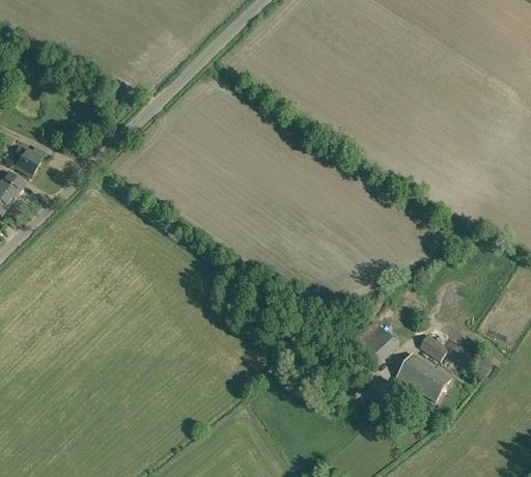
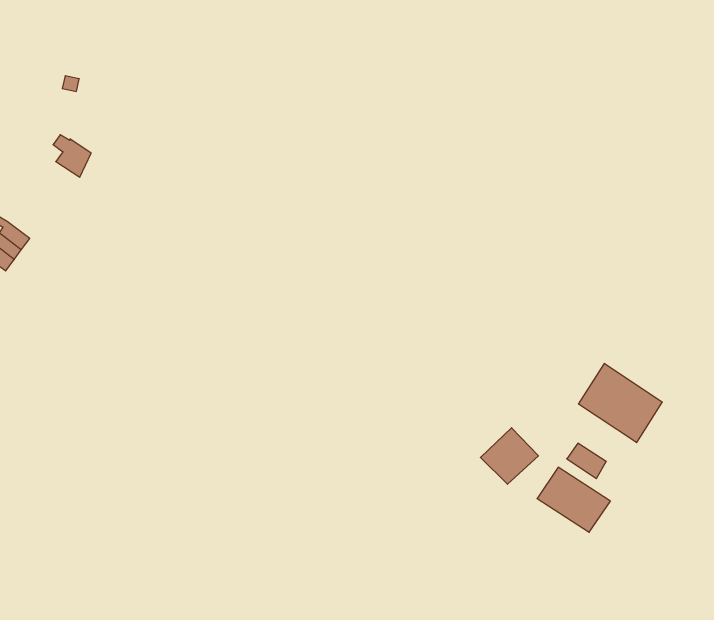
building: [12,145,40,176] -> [53,135,91,177]
building: none -> [579,363,662,443]

